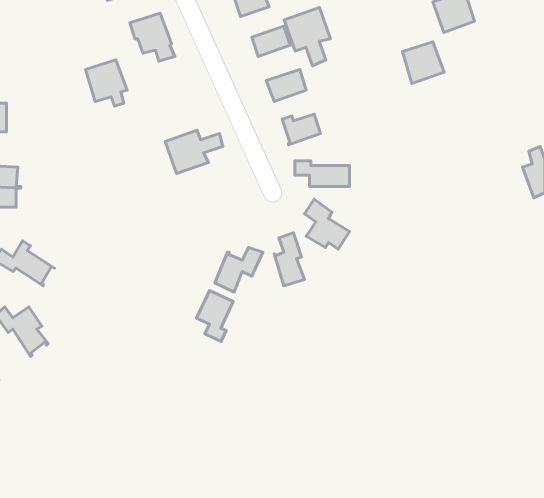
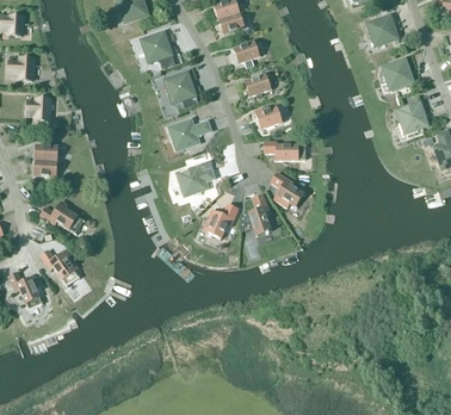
building: [284,7,331,66] -> none
building: [402,42,444,83] -> [382,58,413,89]
building: [86,60,127,106] -> [165,72,196,106]
building: none -> [396,101,427,132]
building: none -> [177,161,214,196]
building: [197,290,233,342] -> none

